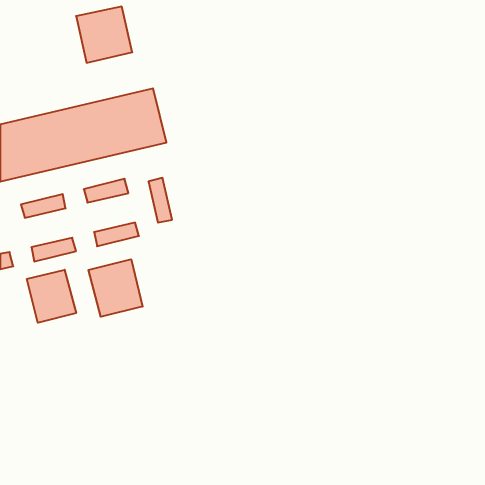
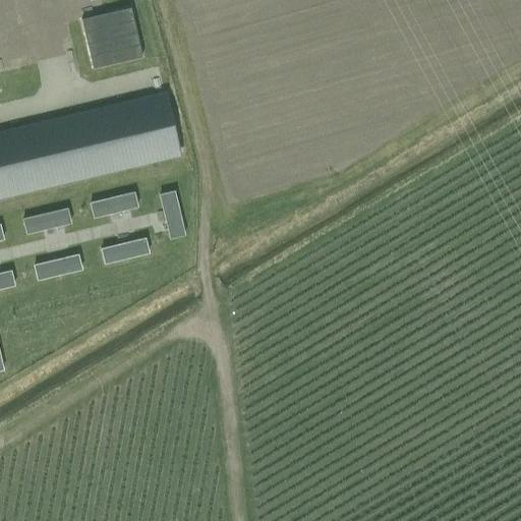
building: [88,259,143,317] -> none
building: [27,270,76,323] -> none

